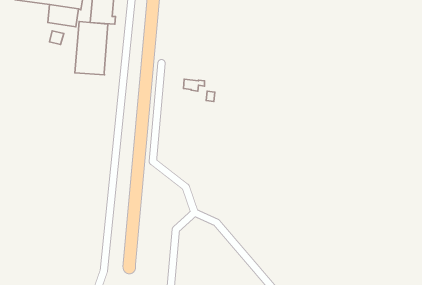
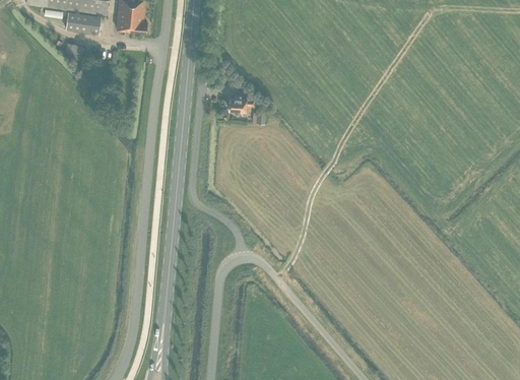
building: [75,21,108,75] -> none

